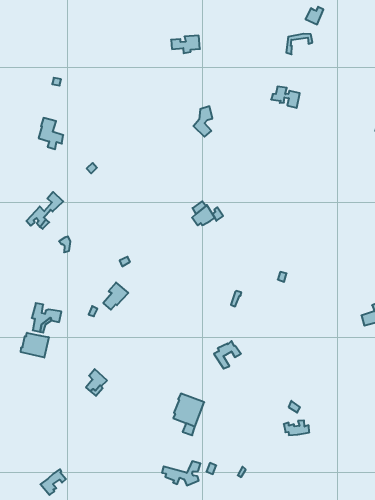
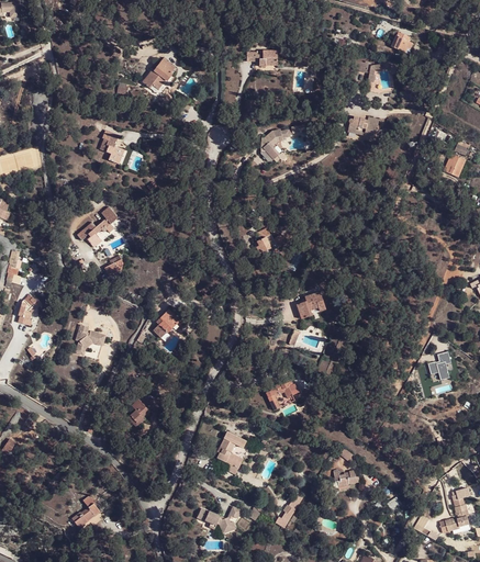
building: none -> [142,58,175,90]
building: none -> [298,290,326,316]
building: [21,333,49,358] -> none

